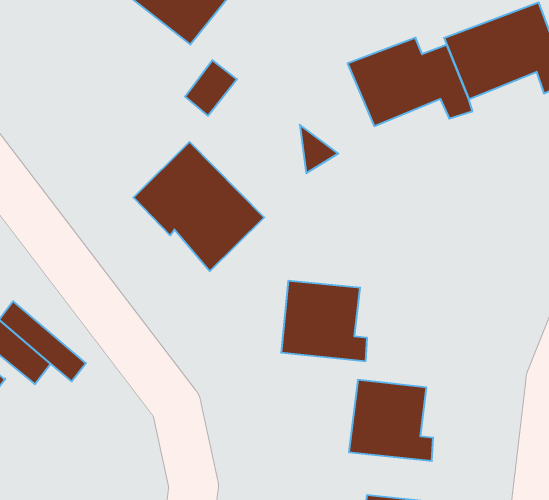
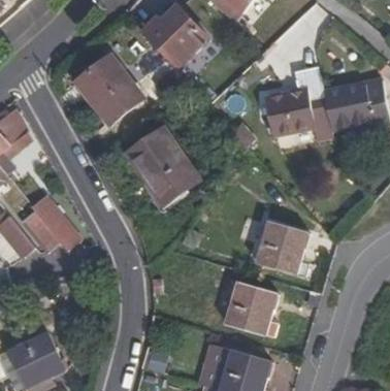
building: none -> [75,55,142,124]
building: [281,281,367,361] -> [256,221,308,275]

